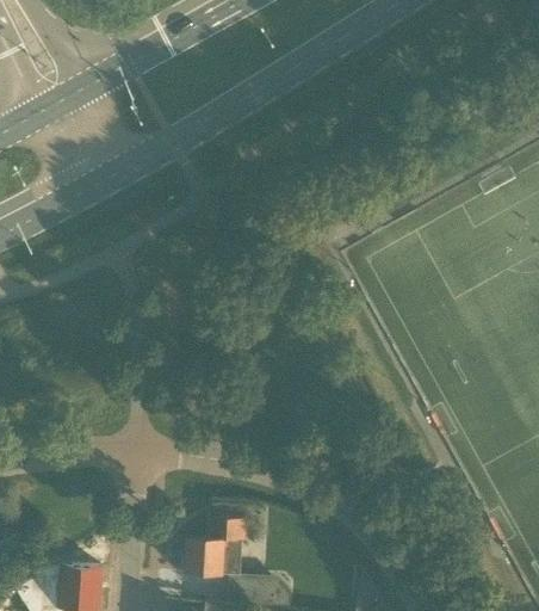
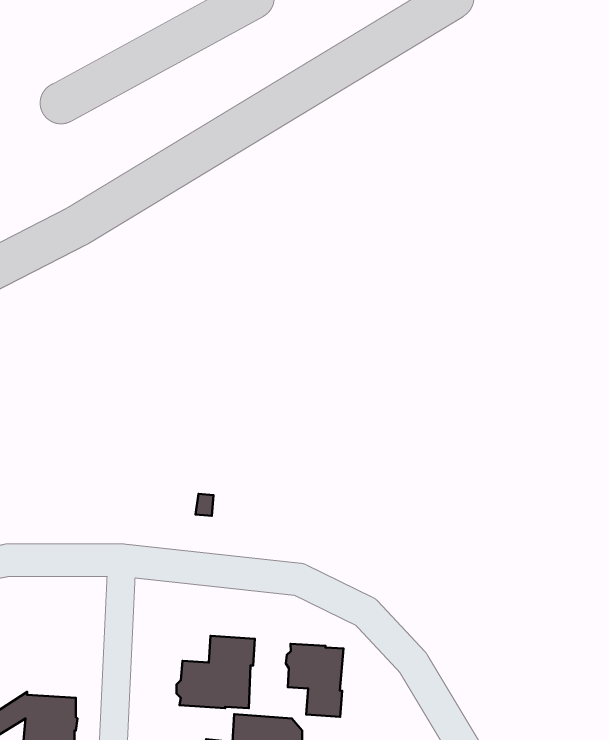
building: none -> [286,644,344,717]

